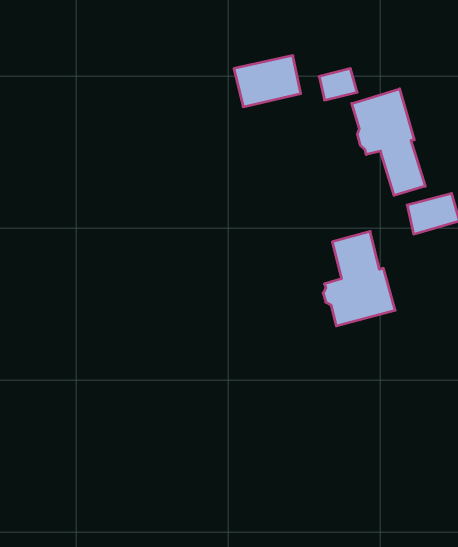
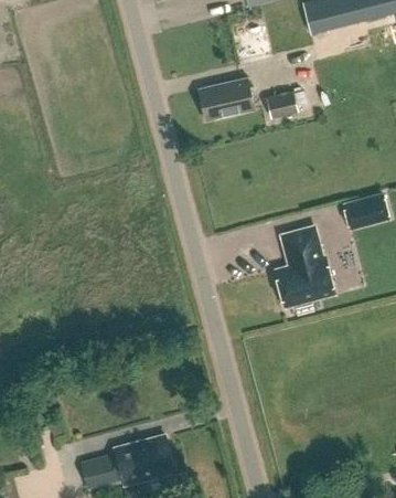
building: [352,89,425,195] -> none
building: none -> [81,434,174,487]

